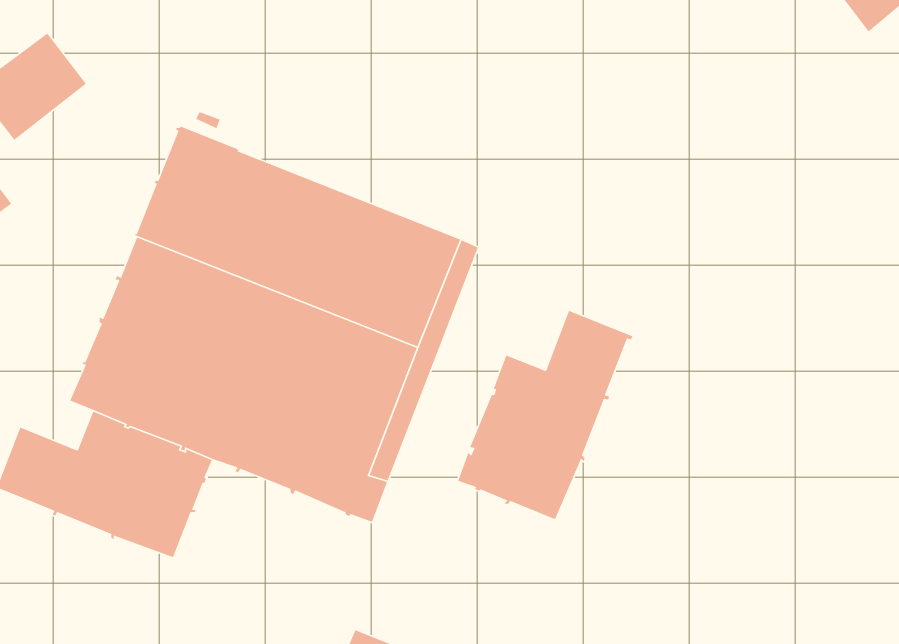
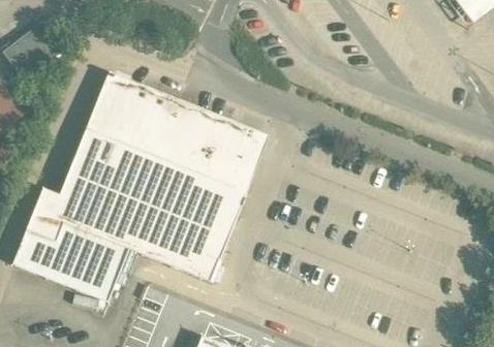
building: [457,310,633,520] -> none
building: none -> [26,190,64,244]

